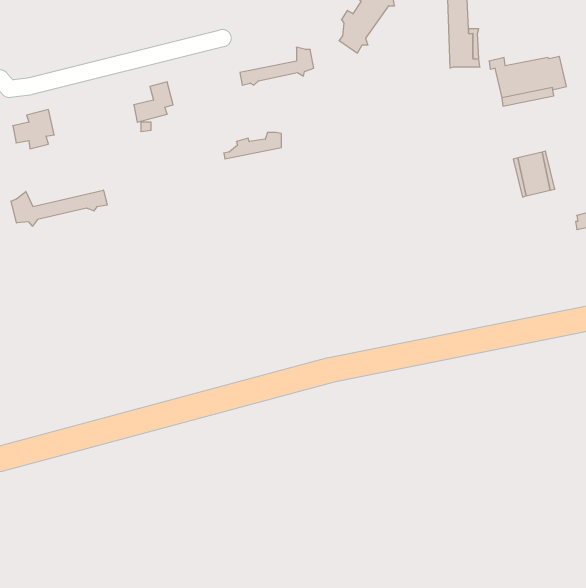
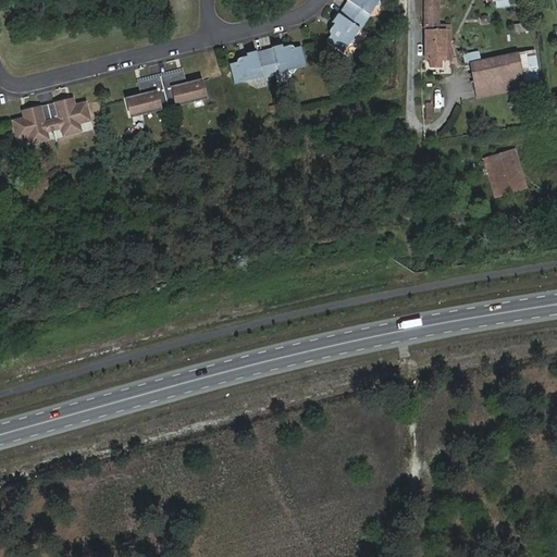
building: none -> [161,73,205,104]
building: none -> [49,99,90,133]
building: [224,132,281,159] -> [228,44,283,69]
building: [11,190,107,226] -> none

